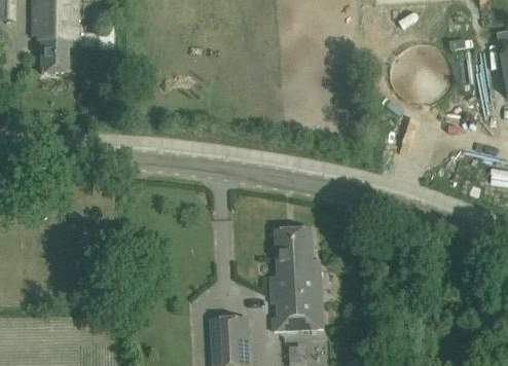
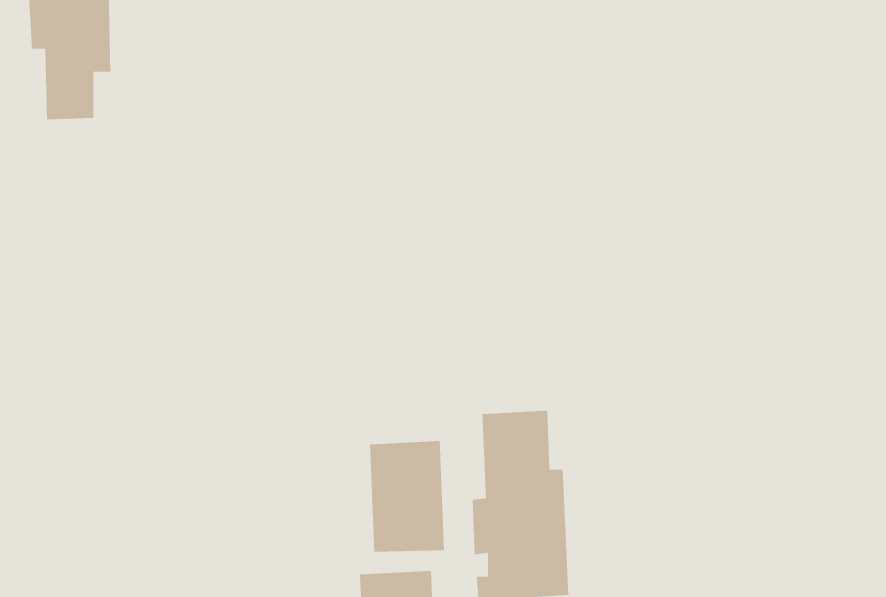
building: none -> [370,440,445,552]

